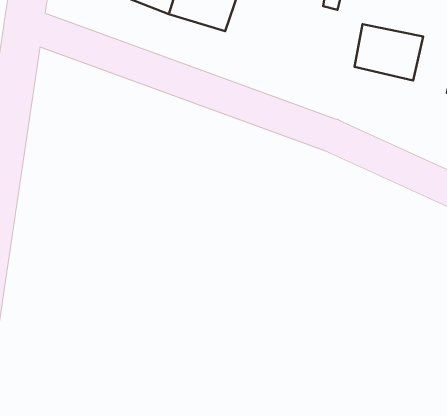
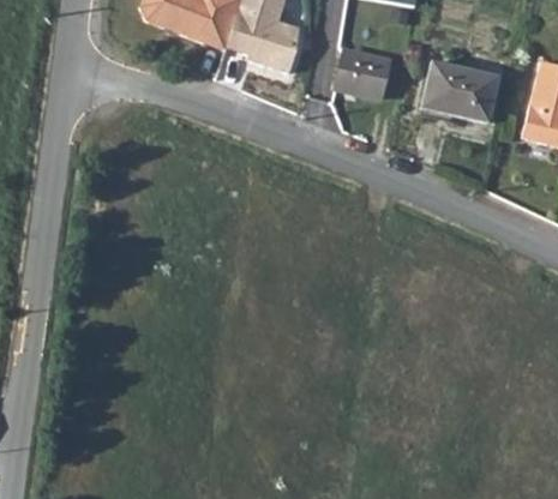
building: none -> [335,49,389,98]

